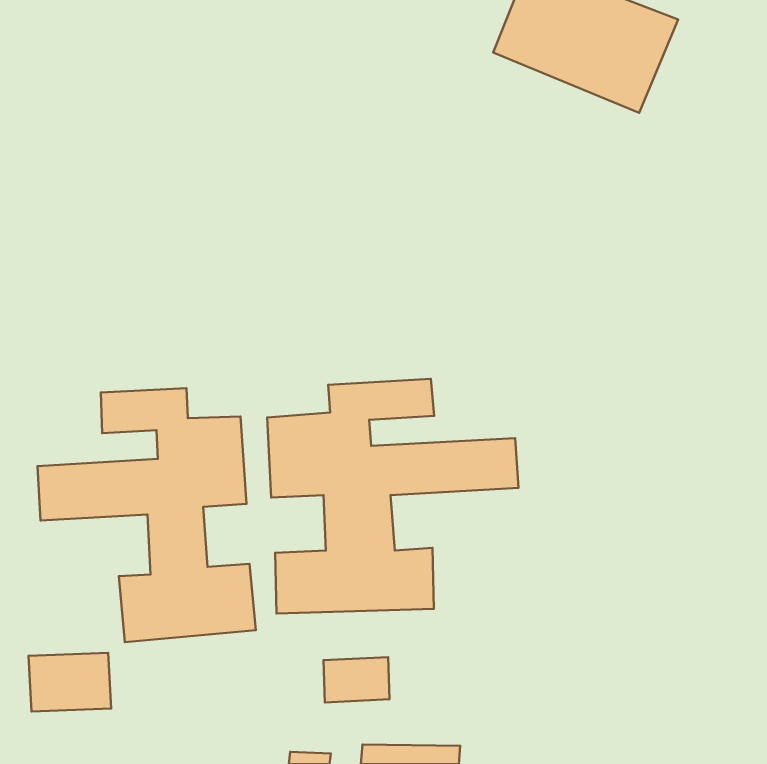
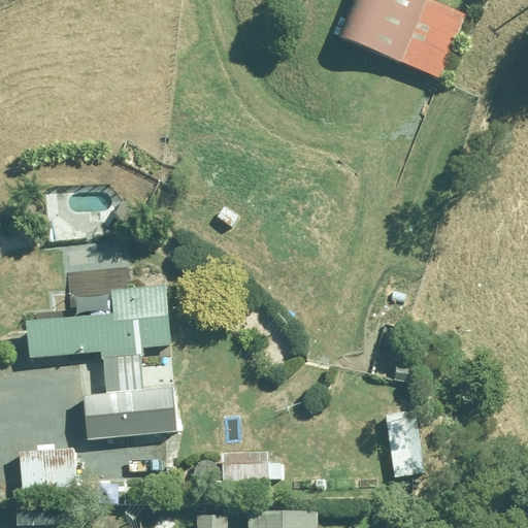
building: [267,379,519,614] -> none
building: none -> [387,411,424,476]

